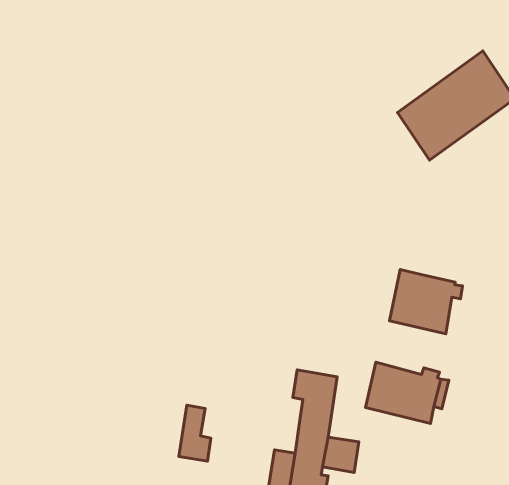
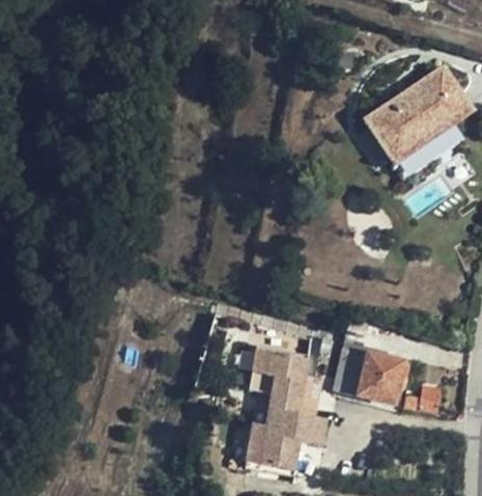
building: [390,269,462,334] -> none
building: [179,405,211,461] -> [250,349,279,399]

